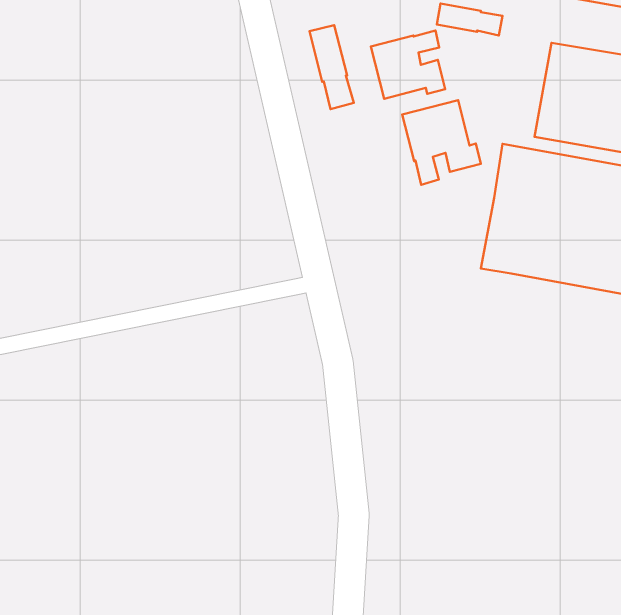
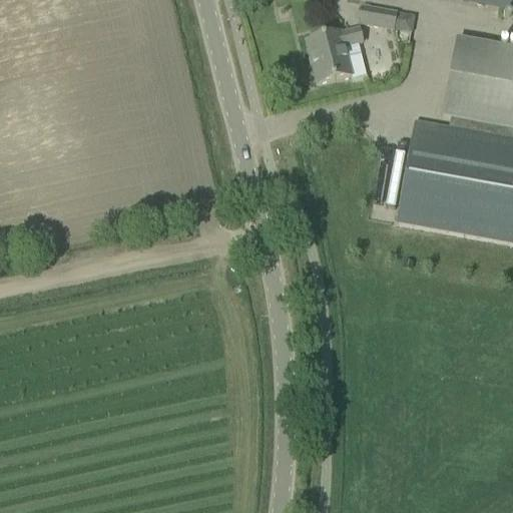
building: [309,25,354,109] -> none
building: [402,100,481,185] -> none

